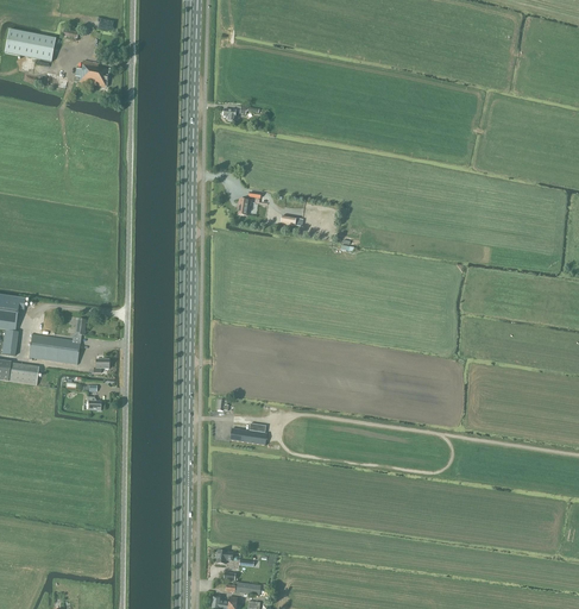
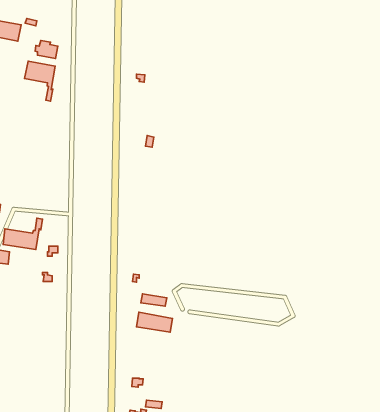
building: none -> [25,61,55,101]
building: none -> [136,312,172,332]

